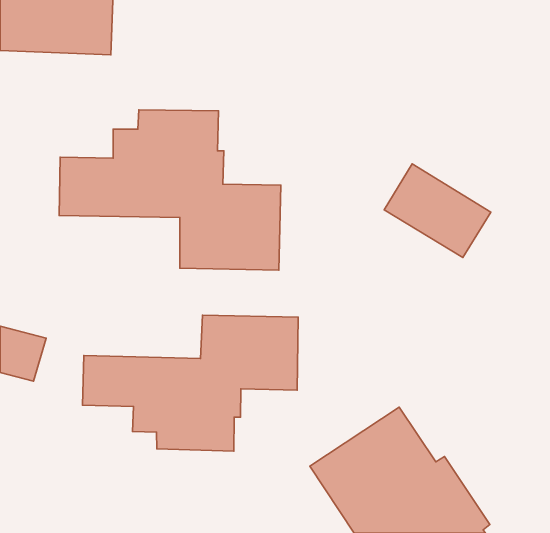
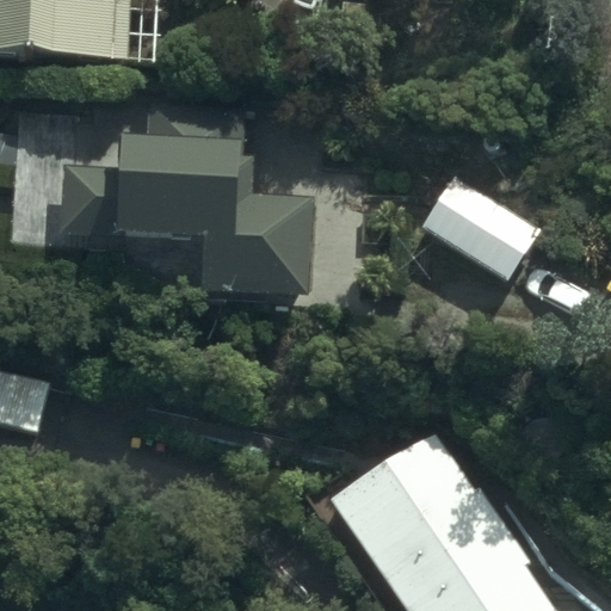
building: [83,315,298,451] -> none

